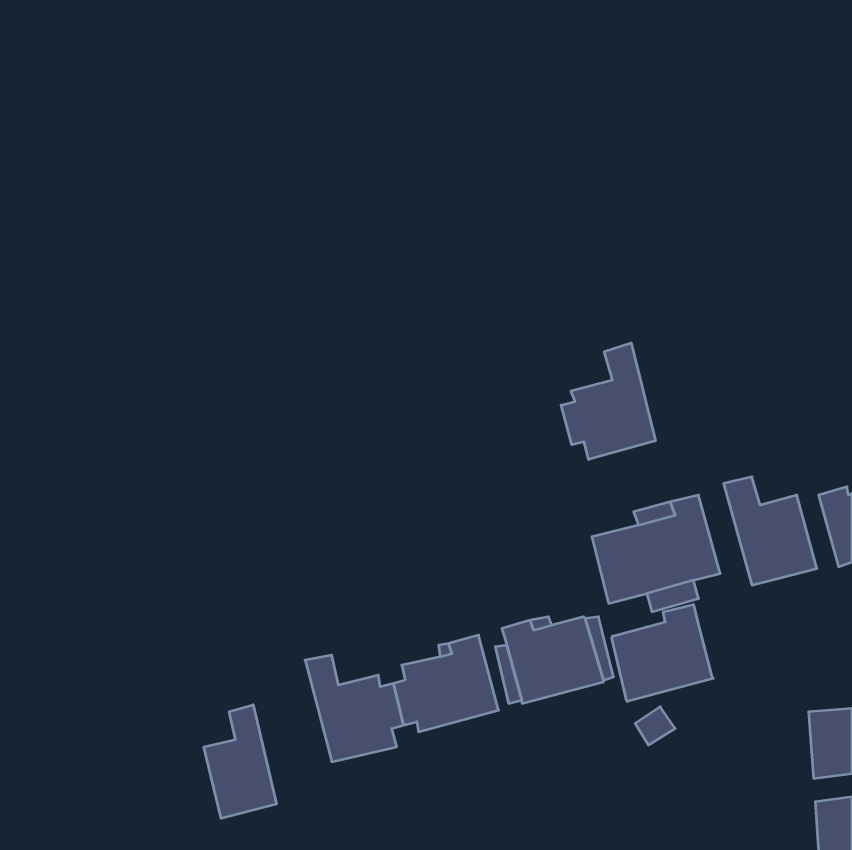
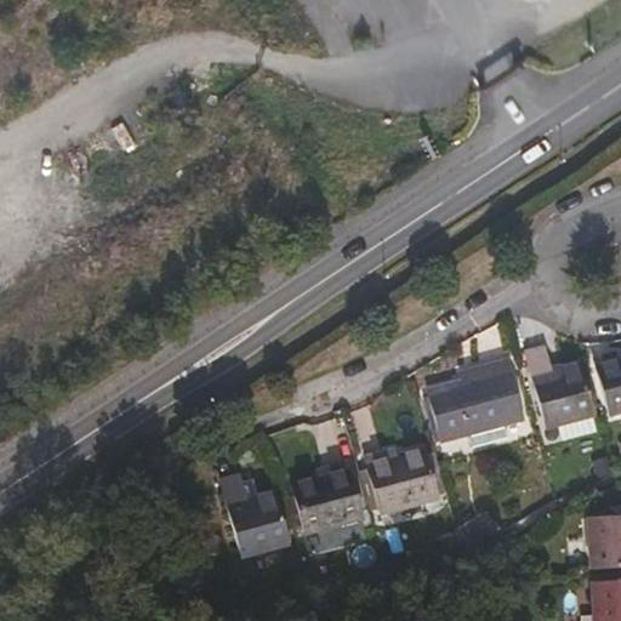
building: [561,343,655,460] -> none
building: [612,604,713,702] -> none
building: [204,705,276,818] -> none

